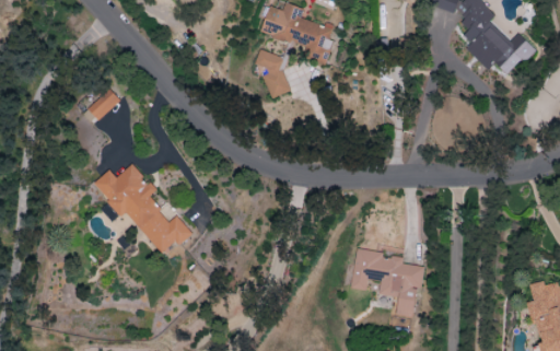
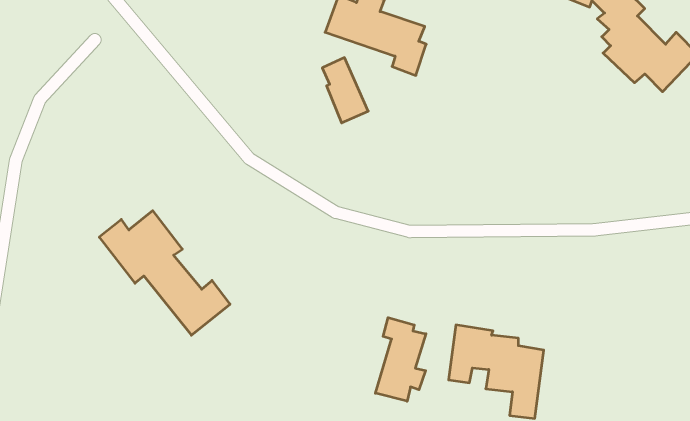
building: [88,89,120,120] -> none
building: none -> [375,318,426,401]

